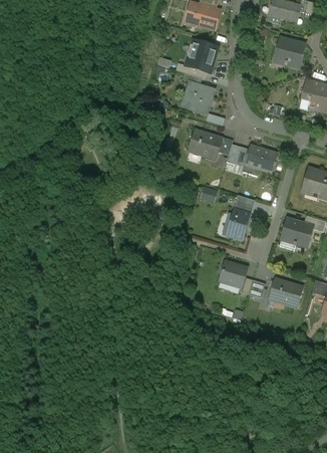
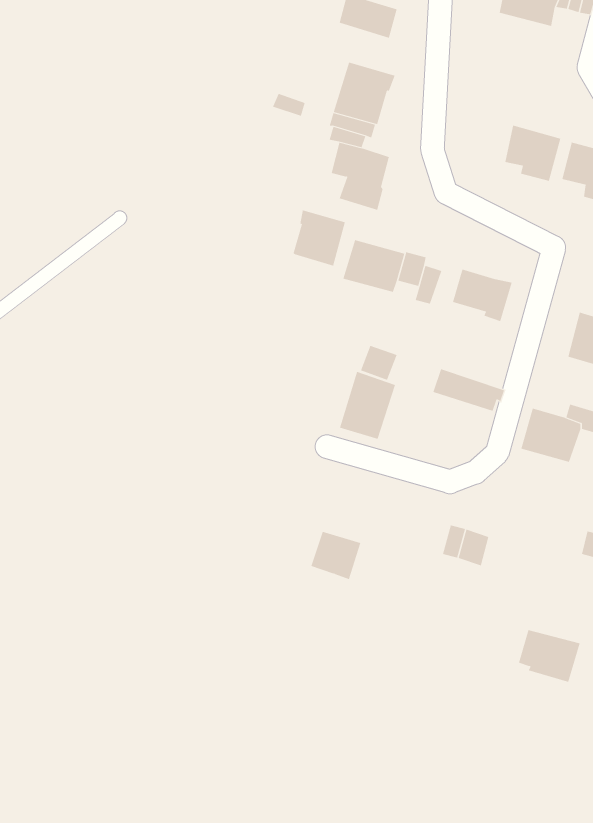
building: [276,38,305,67] -> [505,125,561,182]
building: none -> [293,209,346,266]
building: [226,209,255,244] -> [339,371,396,440]
building: [219,261,245,286] -> [310,531,361,580]
building: [269,279,301,306] -> [518,630,581,682]

